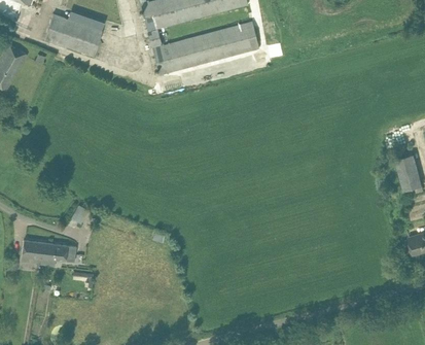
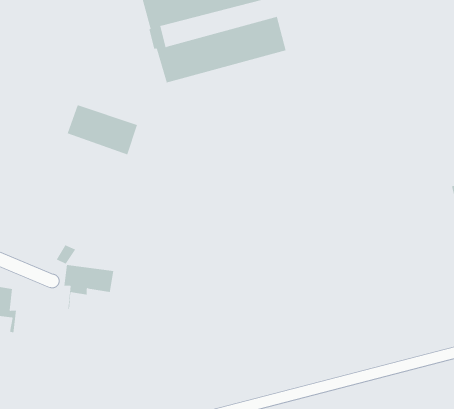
building: [44,14,102,56] -> [67,104,138,155]
building: [35,242,76,278] -> [64,265,114,309]

